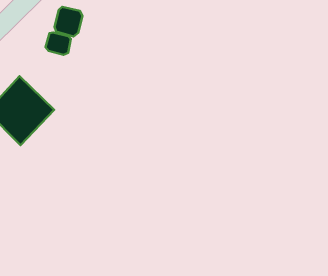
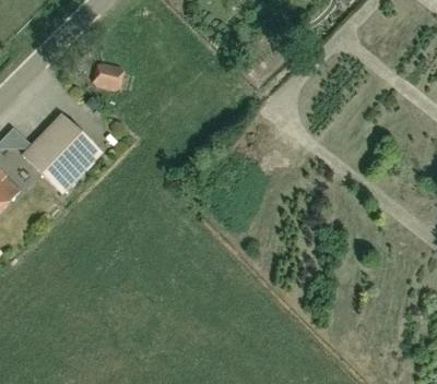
building: [55,7,82,36] -> none

